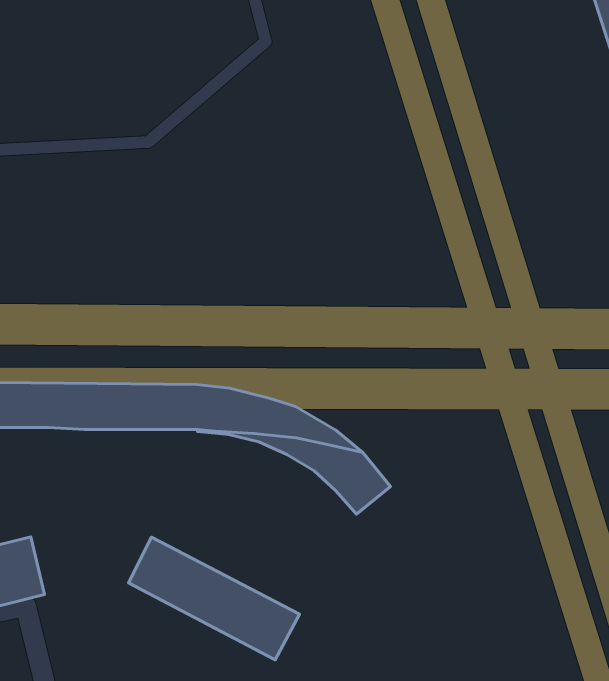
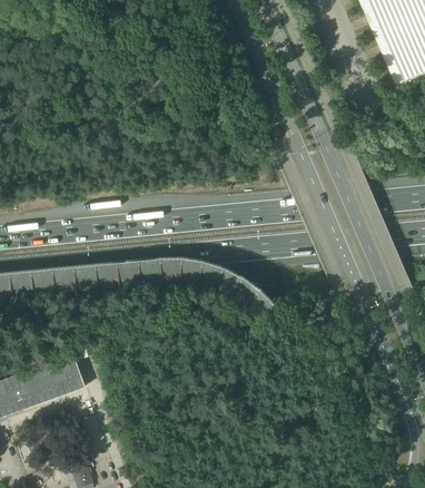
building: [129,537,300,660] -> none

